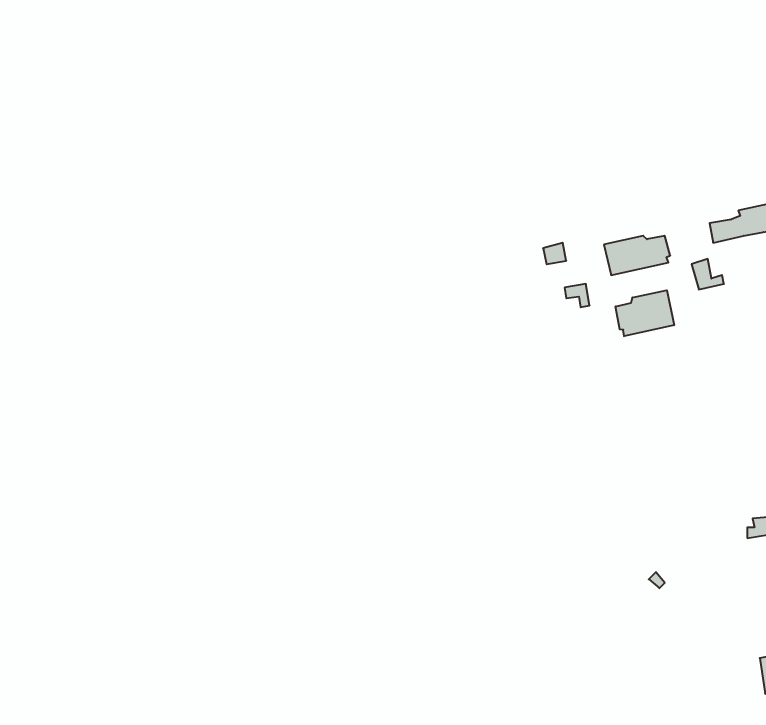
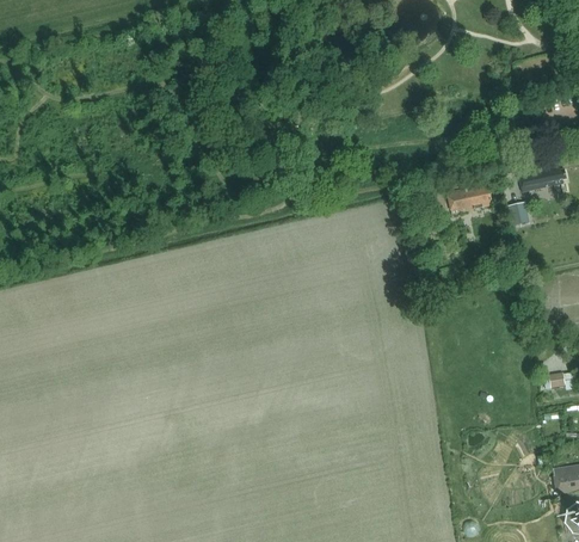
building: [616,290,674,336] -> none

